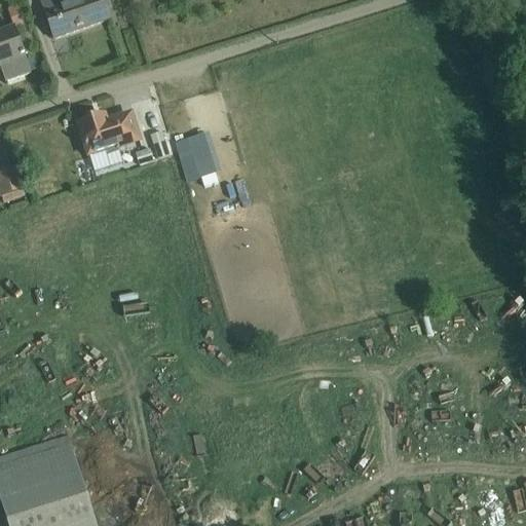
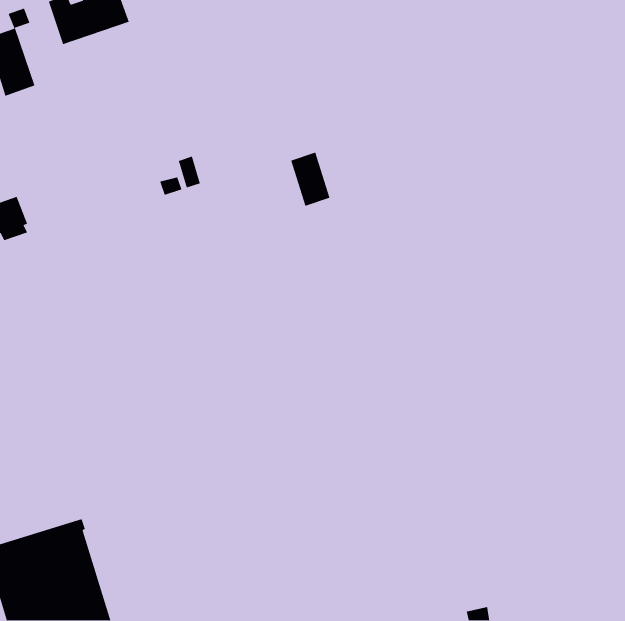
building: [77,114,139,167] -> none
building: [186,130,220,177] -> [290,152,331,207]

